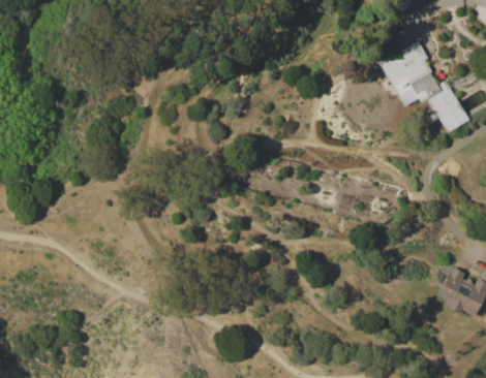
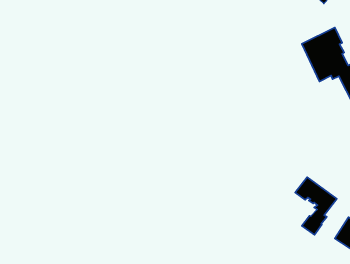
building: none -> [295,177,337,235]

